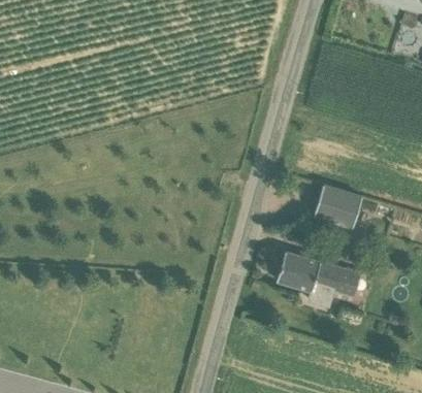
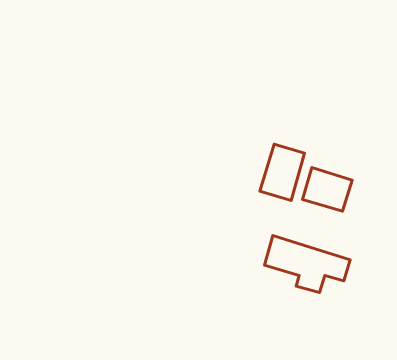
building: none -> [260,144,305,201]

